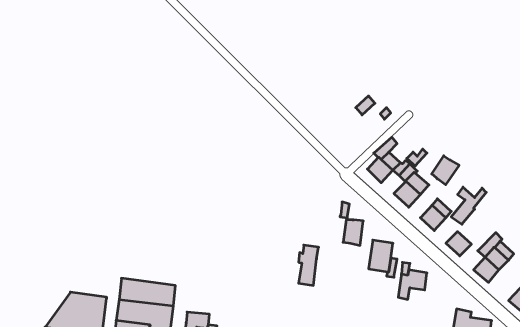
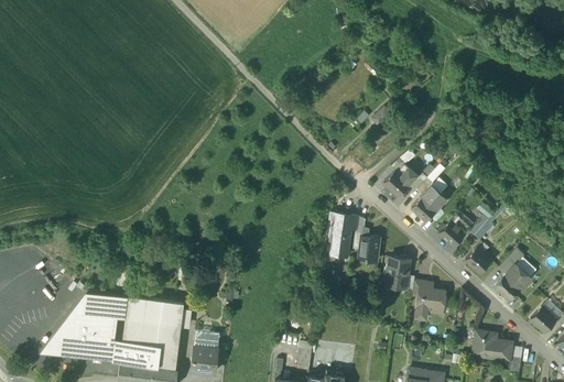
building: [432,156,459,185] -> none
building: [299,245,319,285] -> [330,215,351,257]
building: none -> [70,291,128,318]

